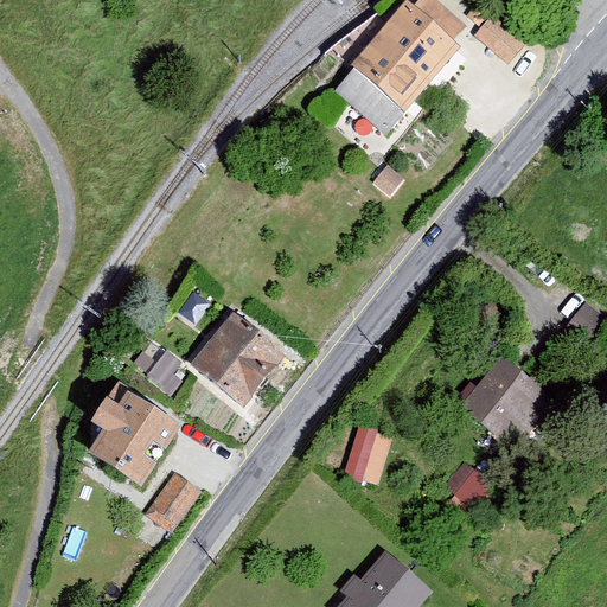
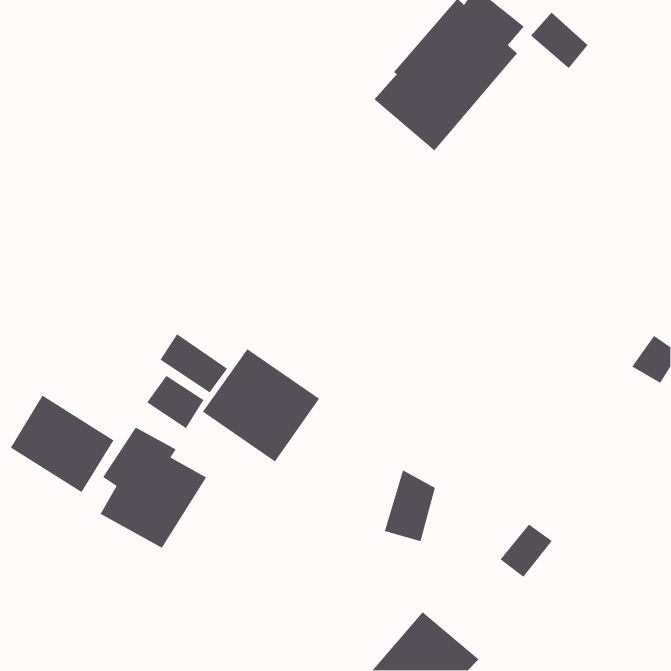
building: none -> [159,333,228,394]
building: none -> [10,395,114,493]
building: [459,354,560,453] -> none
building: [147,471,199,528] -> none

